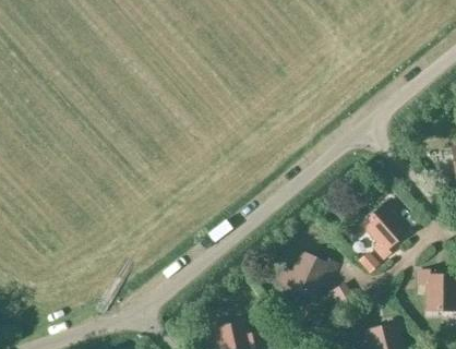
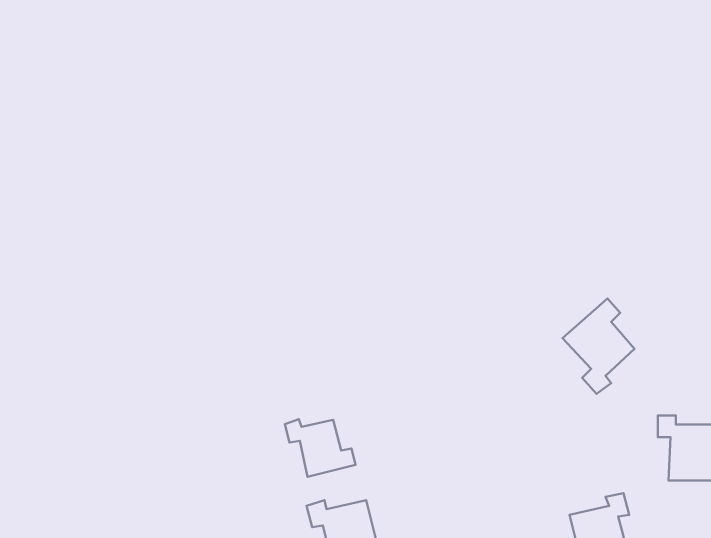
building: [279,254,335,297] -> none
building: none -> [285,419,356,477]

